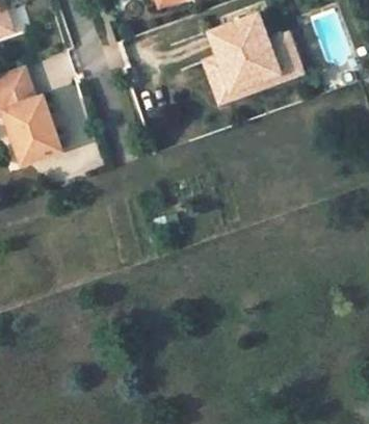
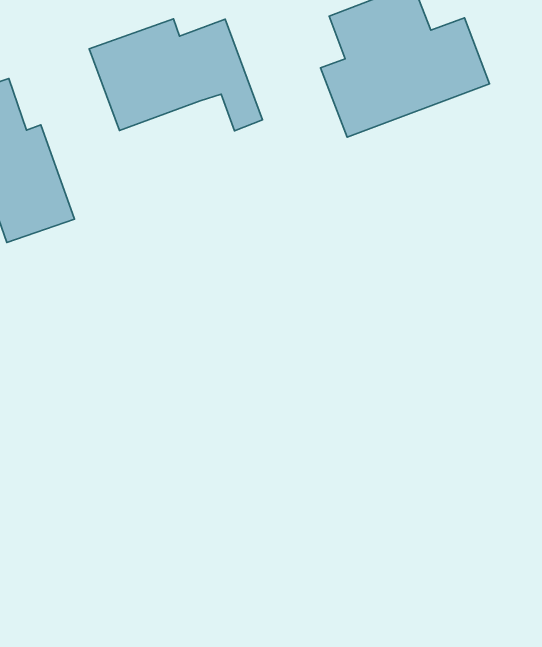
building: none -> [89,19,262,131]

